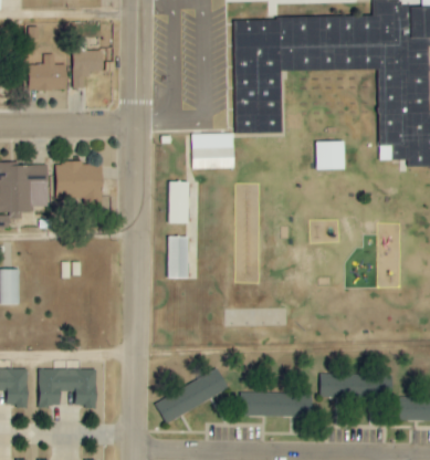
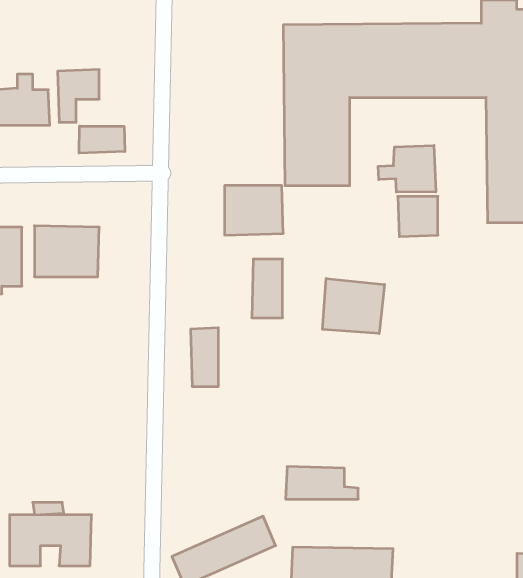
building: none -> [79,126,125,153]
building: none -> [378,145,436,192]
building: [167,181,189,223] -> [252,259,283,318]
building: none -> [323,278,384,334]
building: [321,373,373,396] -> [286,467,358,499]

